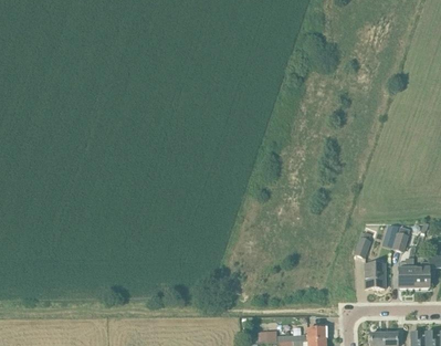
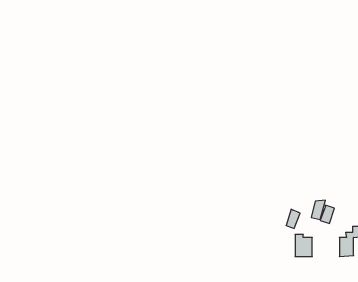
building: [398,259,413,287] -> none

